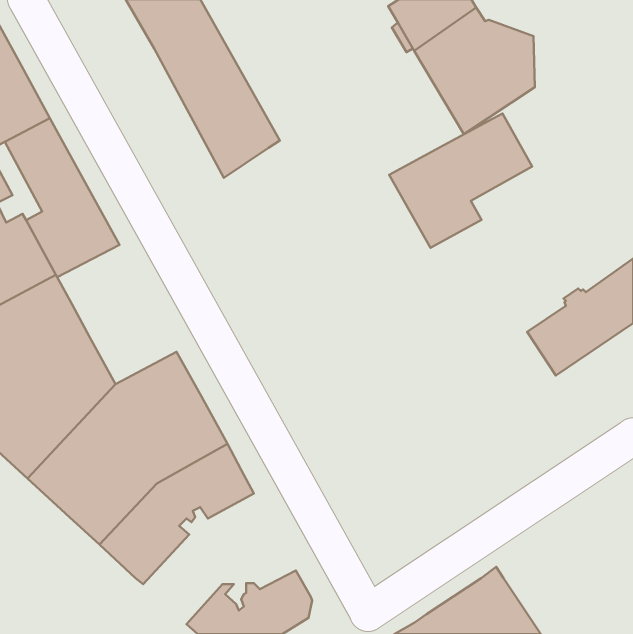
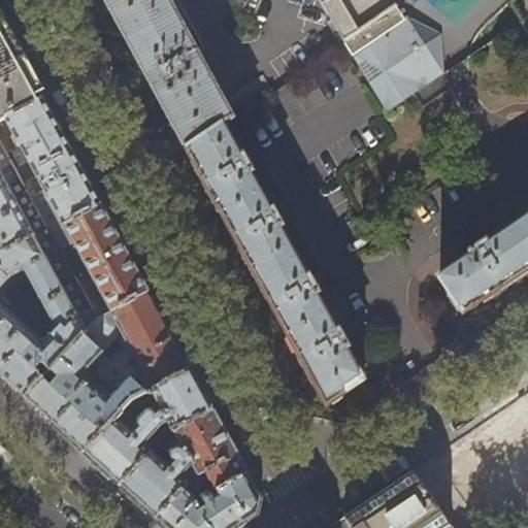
building: [389,113,532,248] -> none
building: none -> [186,123,363,403]
building: none -> [47,203,146,319]
building: none -> [119,409,245,518]

